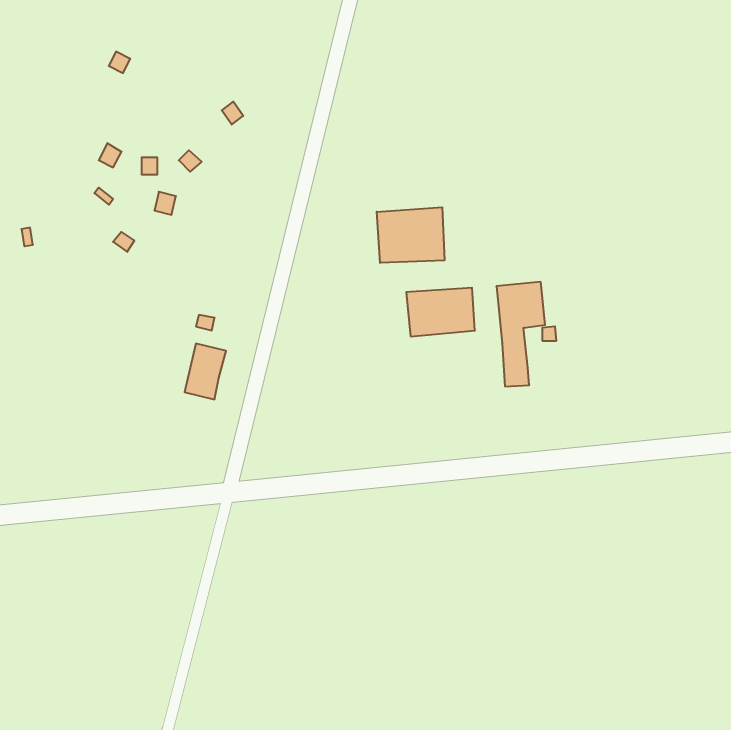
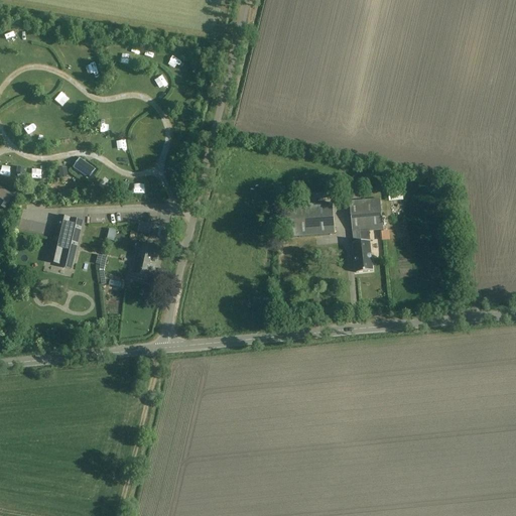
building: [377,207,444,263] -> none
building: none -> [51,216,82,263]

